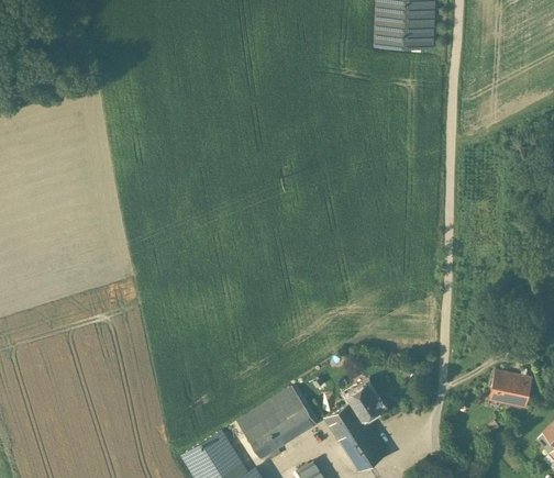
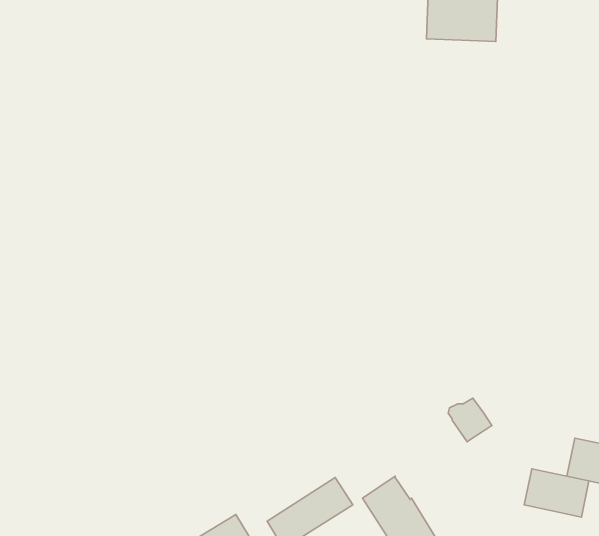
building: [347,383,383,419] -> [448,398,492,442]
building: [237,386,302,436] -> none
building: none -> [524,469,589,517]

